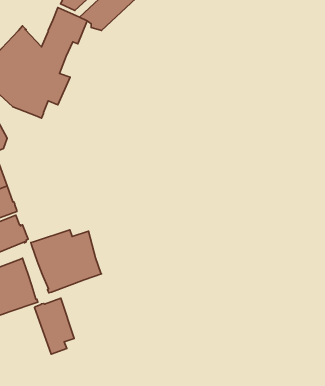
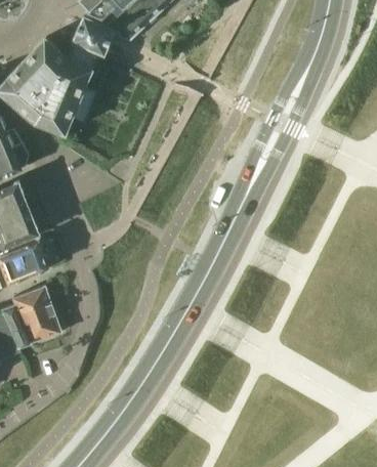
building: [31,230,102,293] -> none
building: [34,298,74,354] -> none

